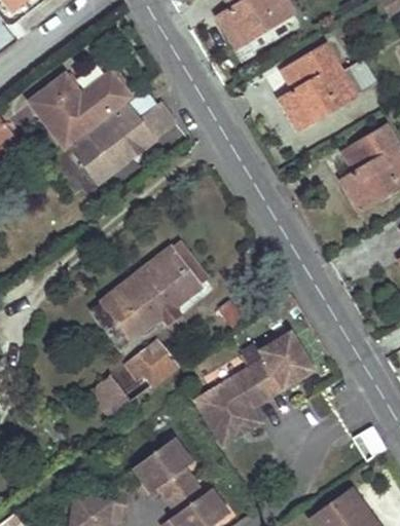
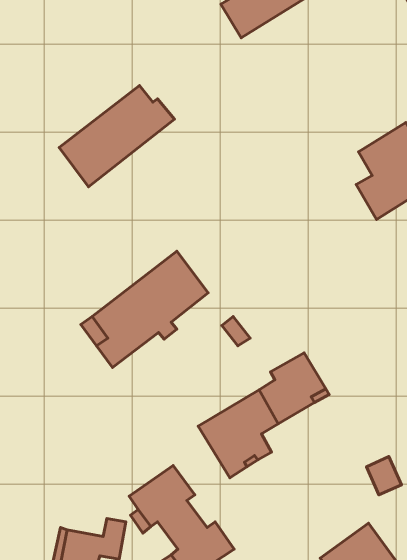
building: [280,43,375,127] -> none
building: [32,70,130,146] -> none
building: [89,340,177,416] -> none

